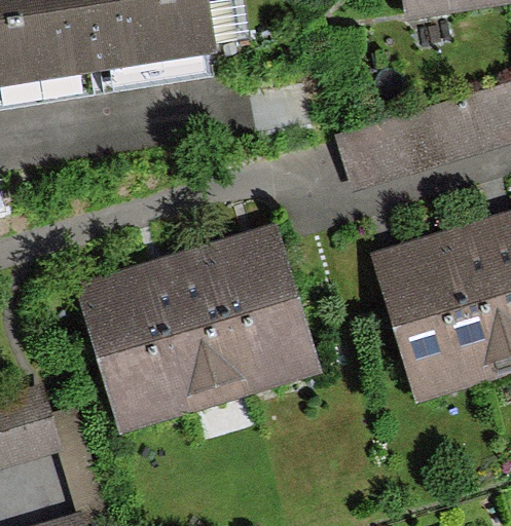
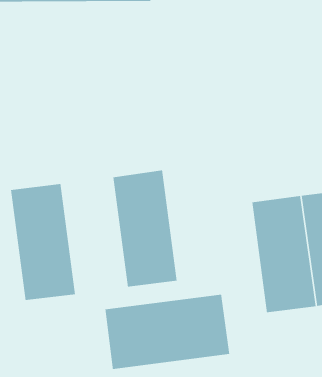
building: [147,258,248,409] -> none
building: none -> [105,294,230,370]

